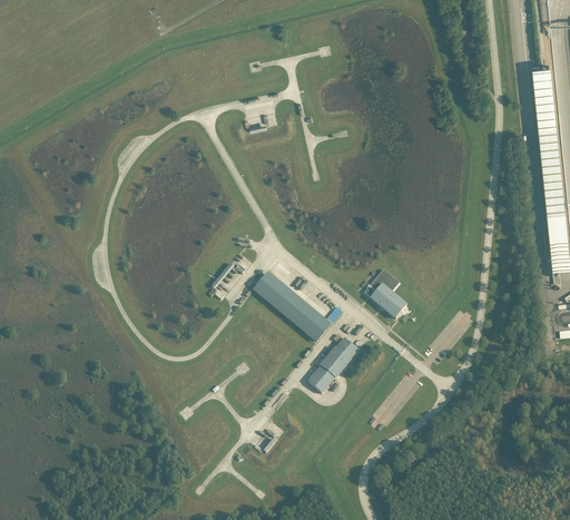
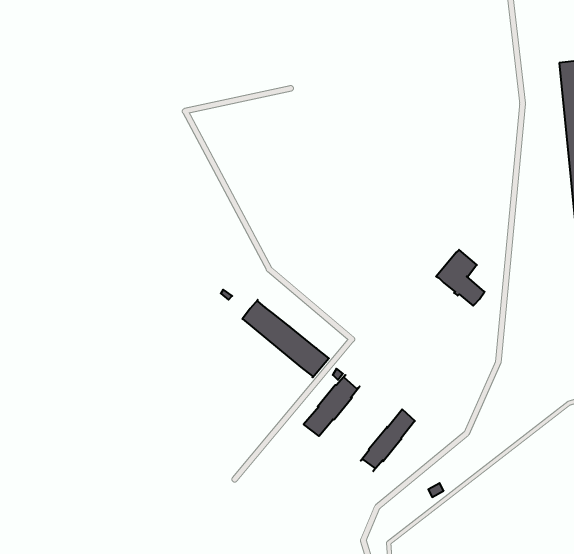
building: [364,267,406,316] -> [436,250,485,306]
building: none -> [361,409,415,471]

